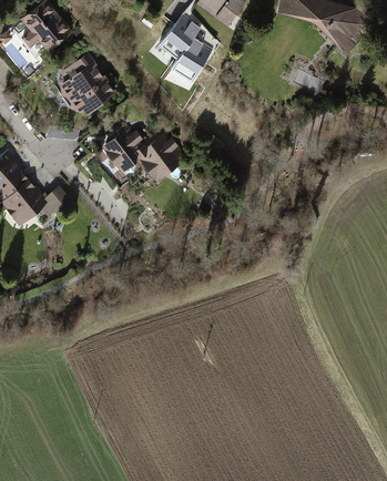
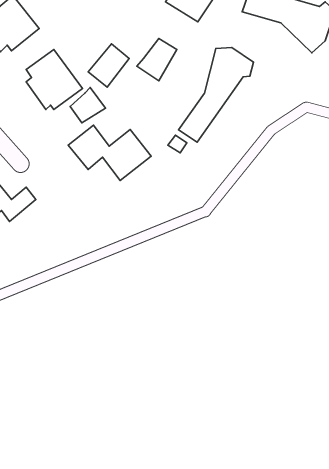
building: [157,17,198,60] -> [88,44,129,87]
building: none -> [179,48,254,142]
building: none -> [70,87,105,123]

